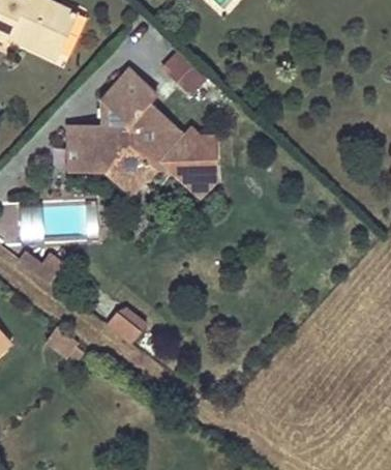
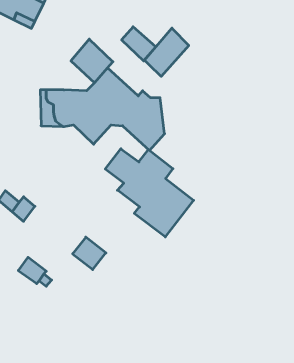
building: none -> [144,28,189,76]
building: [97,96,133,131] -> none
building: none -> [105,149,194,237]

